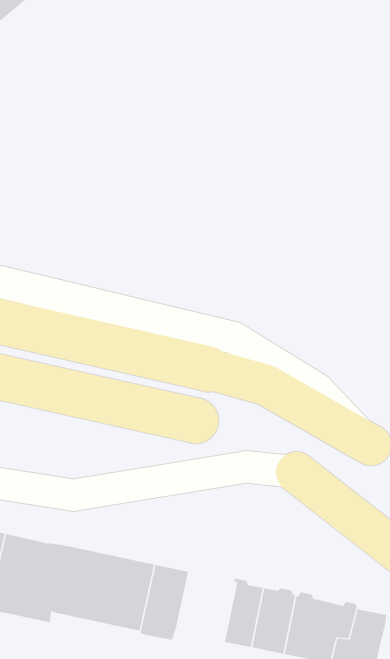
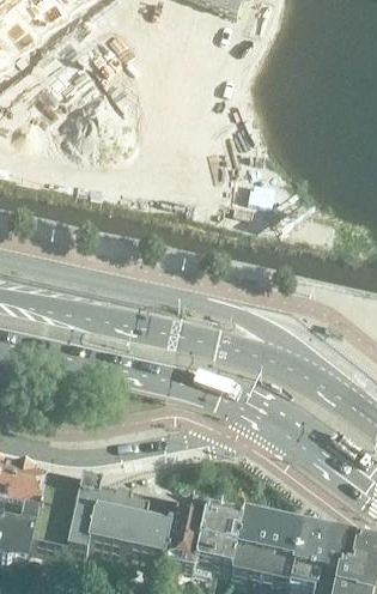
building: none -> [175,505,227,568]

